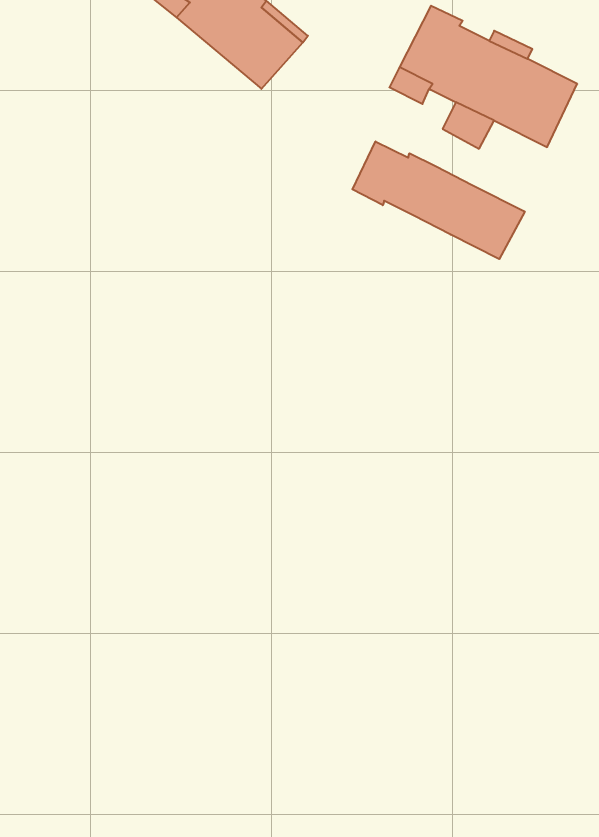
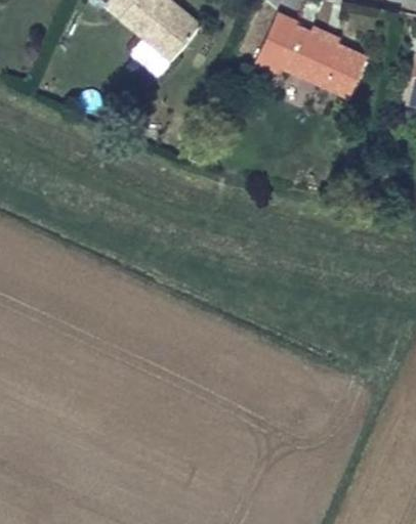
building: [352,141,525,259] -> none

